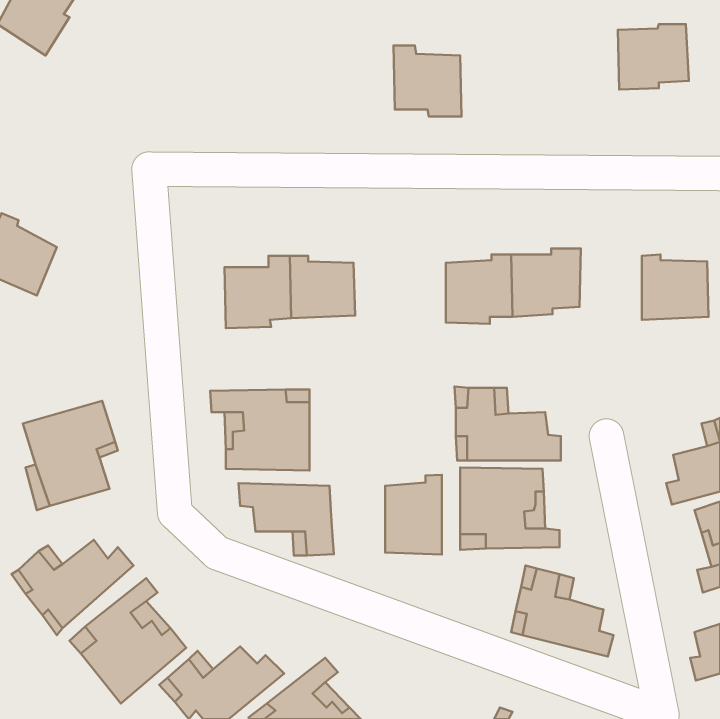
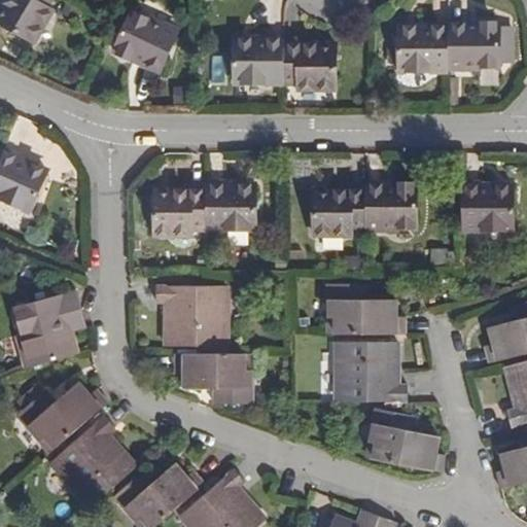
building: none -> [118,17,175,80]
building: none -> [401,22,449,67]
building: none -> [238,32,286,79]
building: [385,475,442,554] -> none

